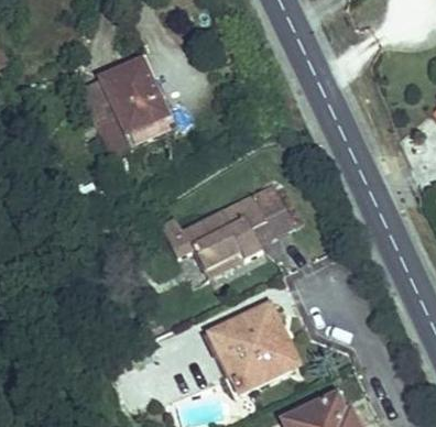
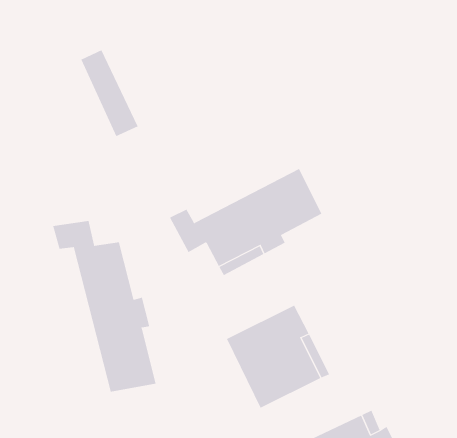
building: [100,58,179,147] -> none
building: none -> [53,220,156,393]

